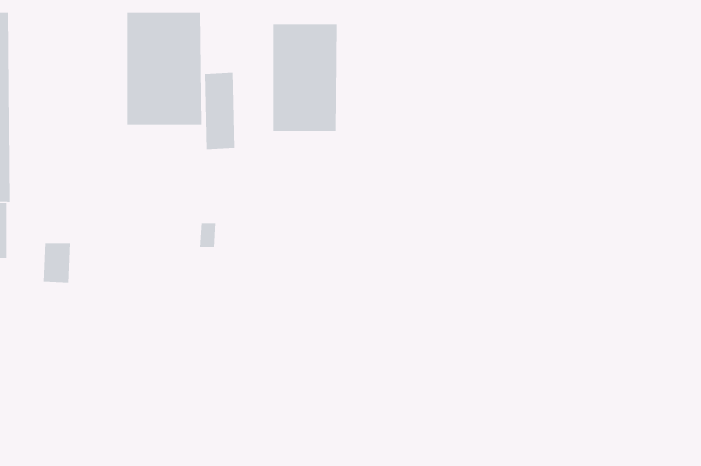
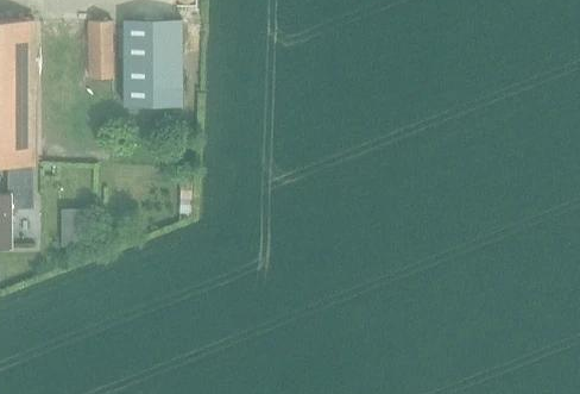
building: [273,23,337,132] -> none
building: [204,72,235,150] -> [88,21,112,81]

